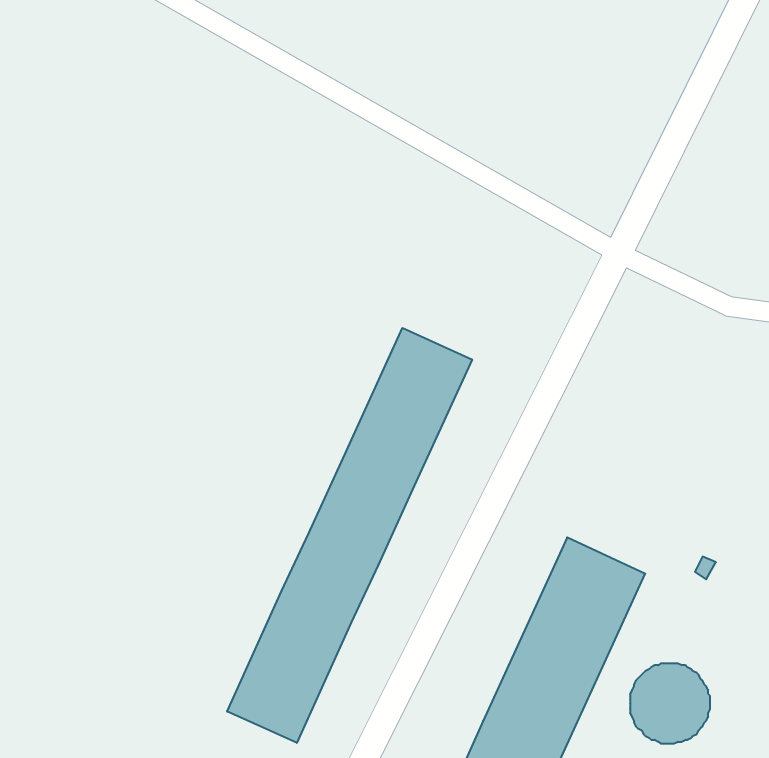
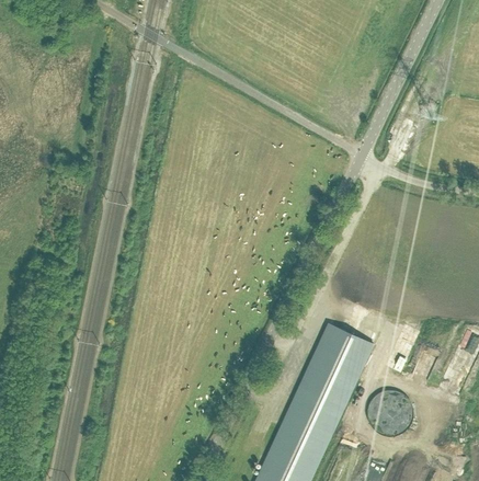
building: [227,328,472,743] -> none

